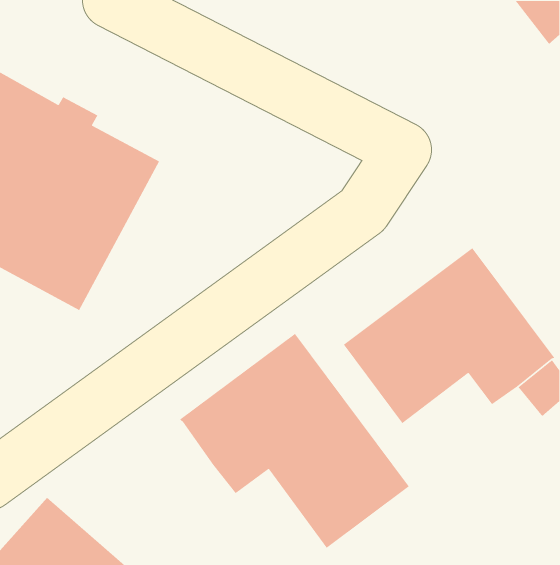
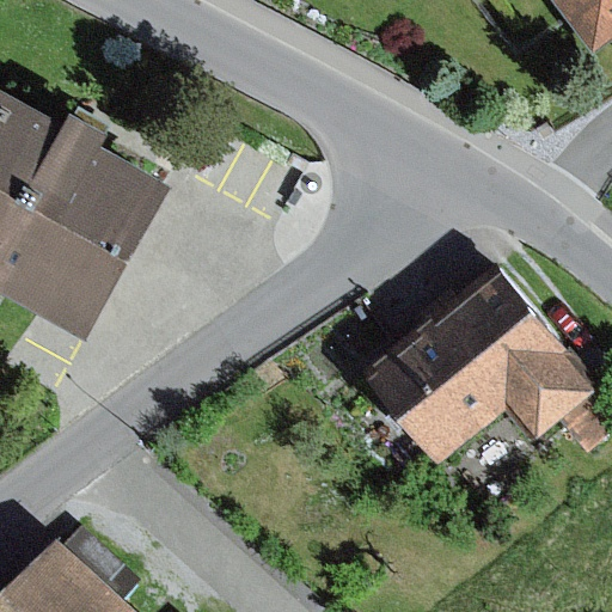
building: [179,333,410,549] -> none

